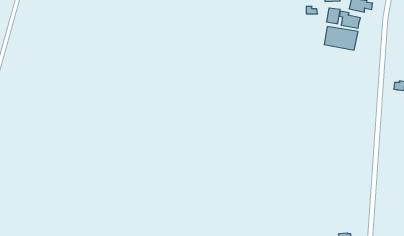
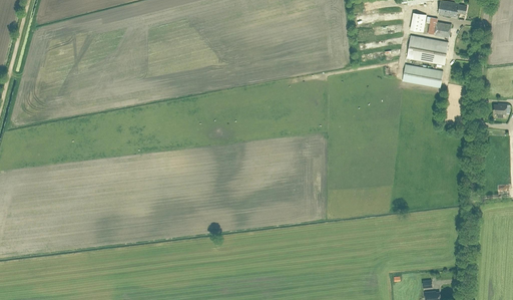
building: none -> [402,64,442,86]

